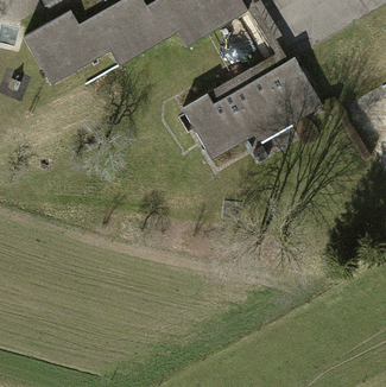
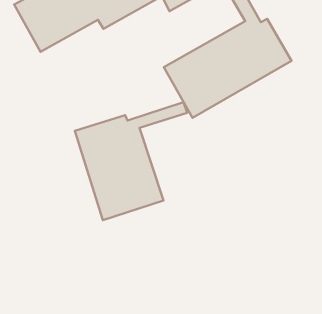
building: none -> [75,102,187,220]

